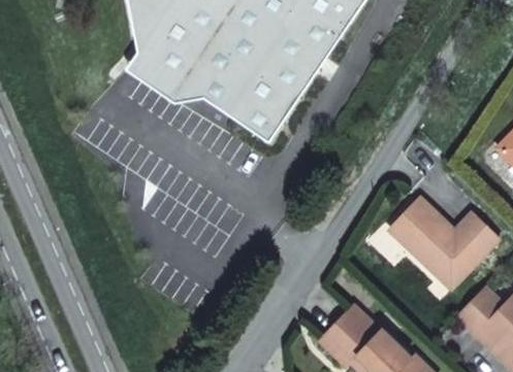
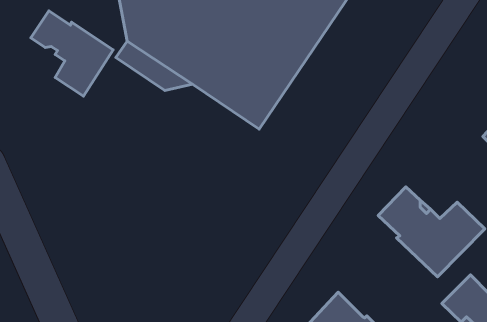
building: none -> [31,11,113,96]

